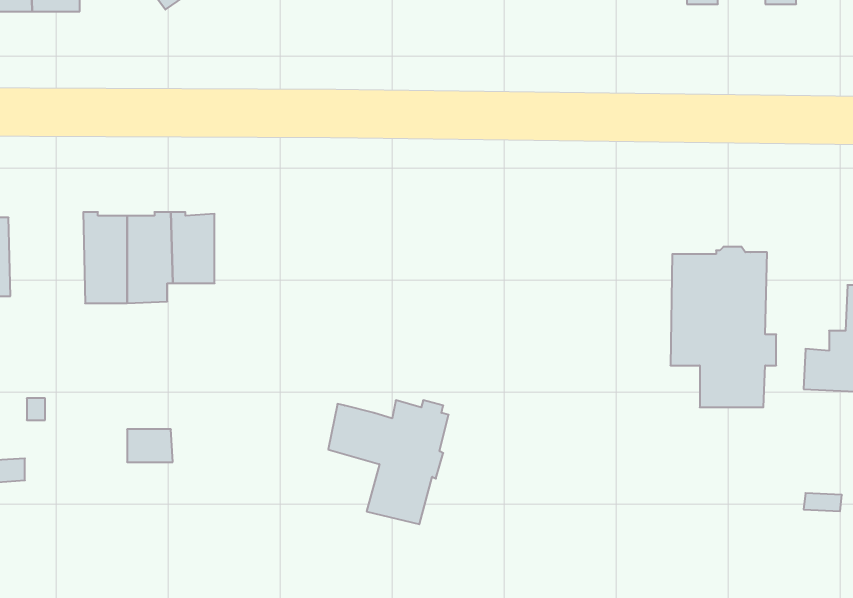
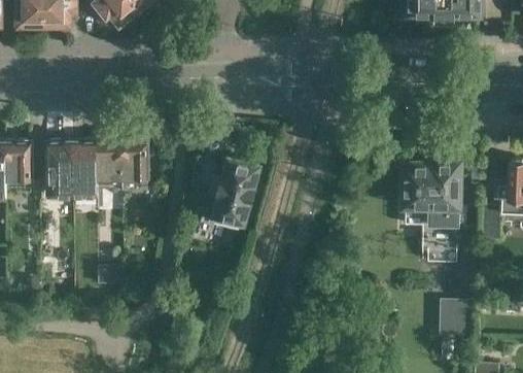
building: none -> [46,140,73,192]
building: [328,400,449,524] -> [189,159,257,229]
building: none -> [440,307,468,335]

